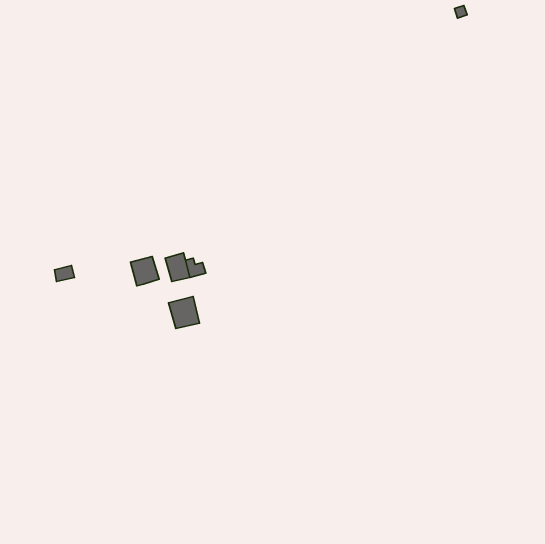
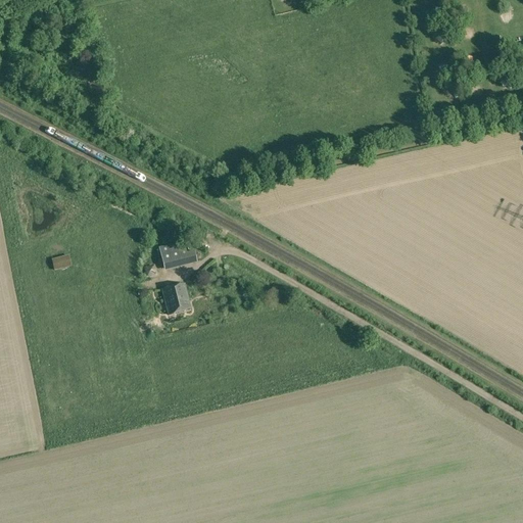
building: [131,256,159,286] -> none

